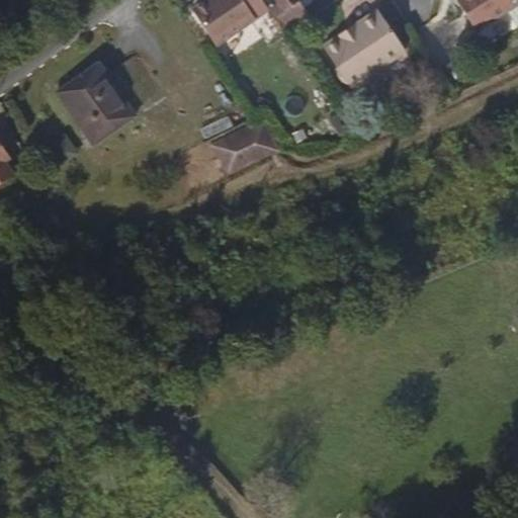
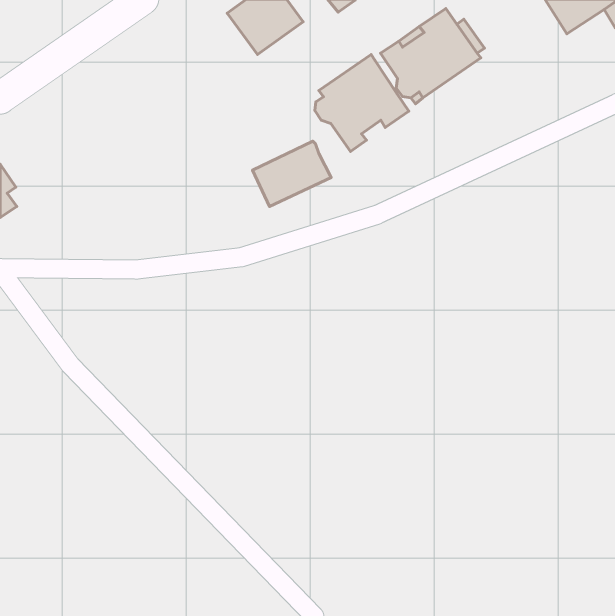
building: none -> [315,55,409,151]
building: [57,64,136,147] -> none

